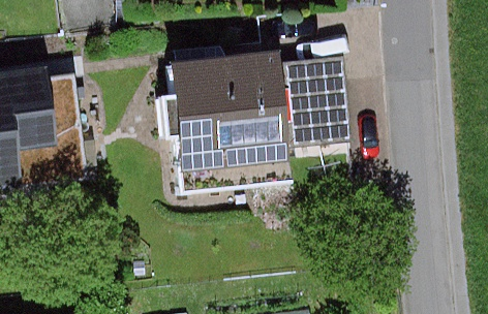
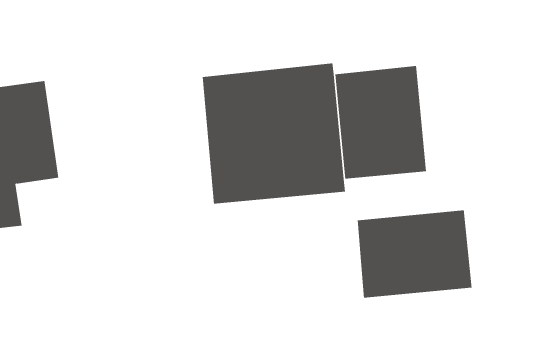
building: none -> [357,210,472,299]

